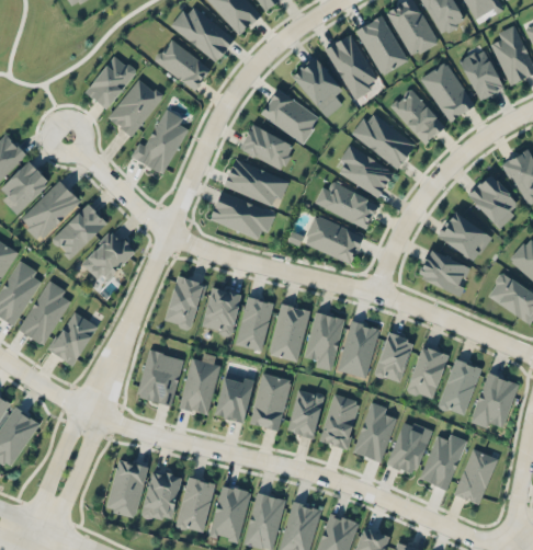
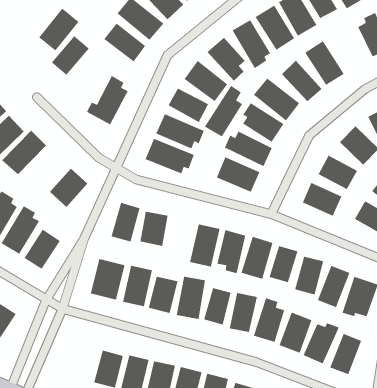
building: [458,48,503,101] -> none
building: [107,78,162,136] -> [38,8,79,52]
building: none -> [204,85,243,138]
building: [50,204,106,259] -> none
building: [235,296,273,351] -> none
building: [105,459,147,516] -> none

